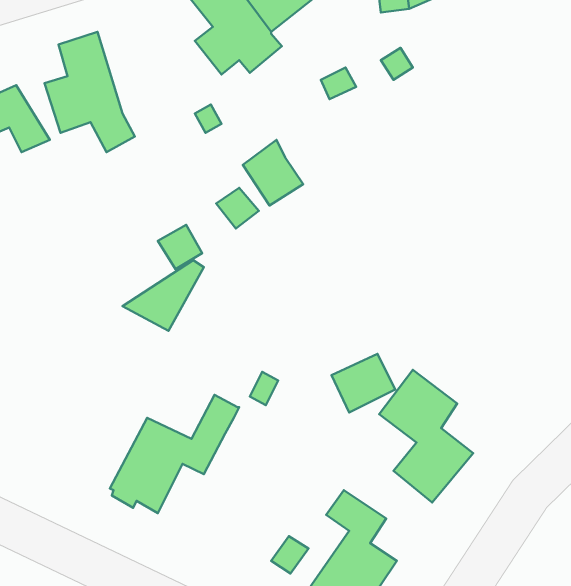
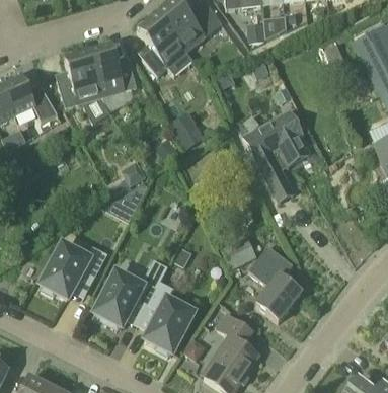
building: none -> [88,43,138,96]
building: none -> [246,111,308,202]
building: none -> [40,243,106,298]
building: none -> [144,281,192,355]

